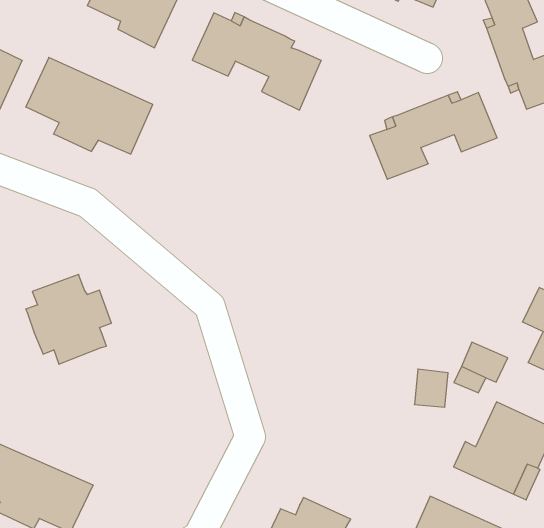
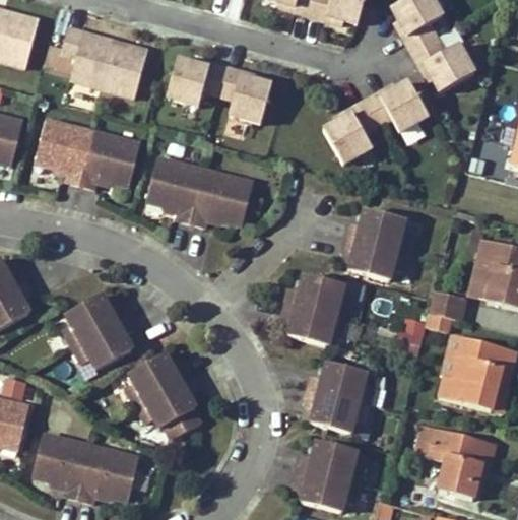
building: none -> [144,155,250,226]
building: none -> [344,210,414,282]
building: none -> [282,274,352,345]
building: none -> [128,350,201,436]
building: none -> [301,362,375,437]

